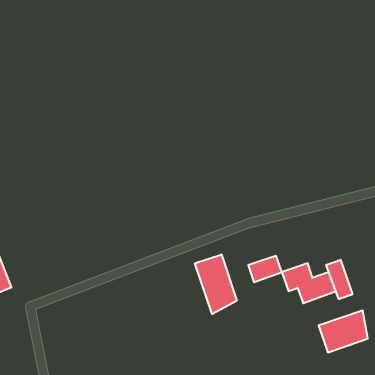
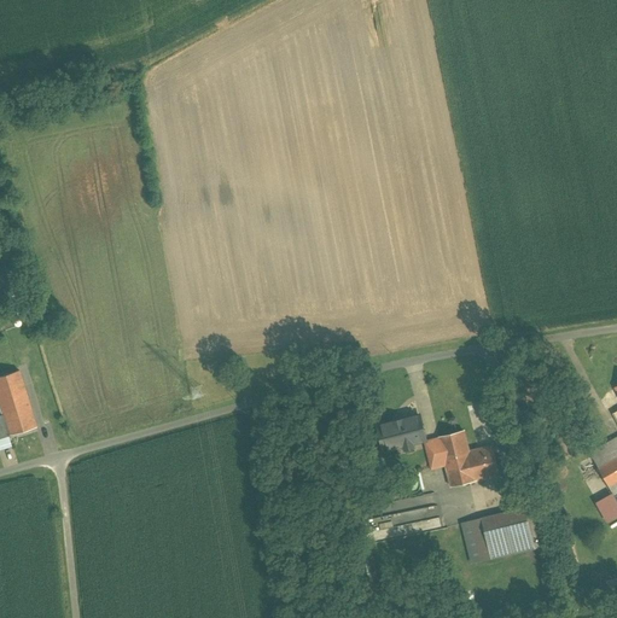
building: [195,254,237,314] -> none
building: [326,260,352,299] -> none

